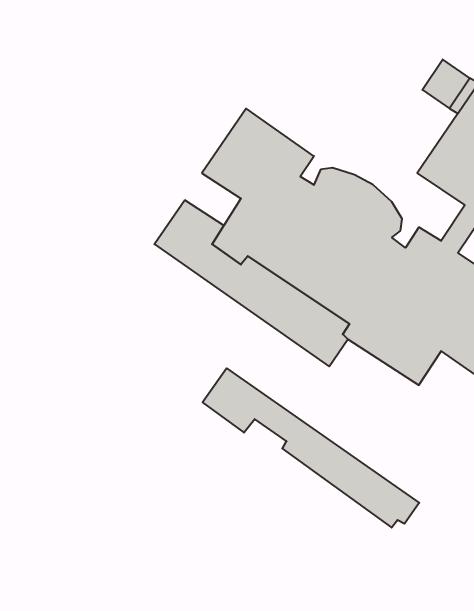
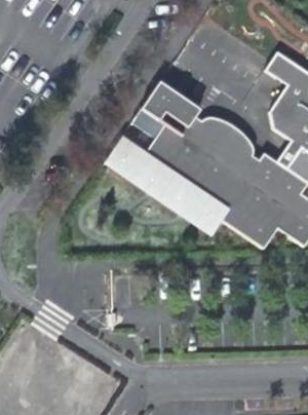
building: [203,368,419,528] -> none

